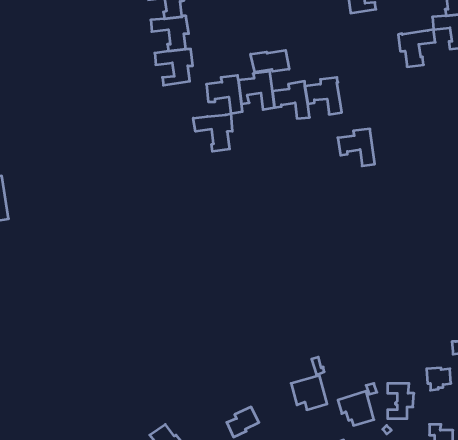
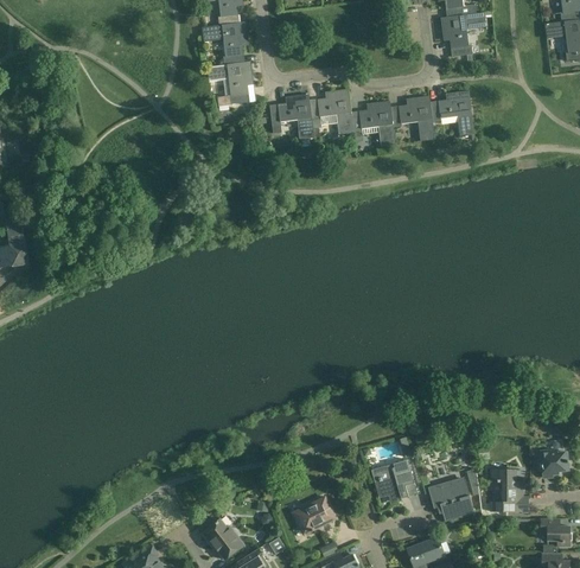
building: [398,30,435,67] -> [440,12,485,57]
building: [251,50,289,72] -> none
building: [193,113,232,151] -> none
building: [338,129,375,166] -> [428,91,473,136]

